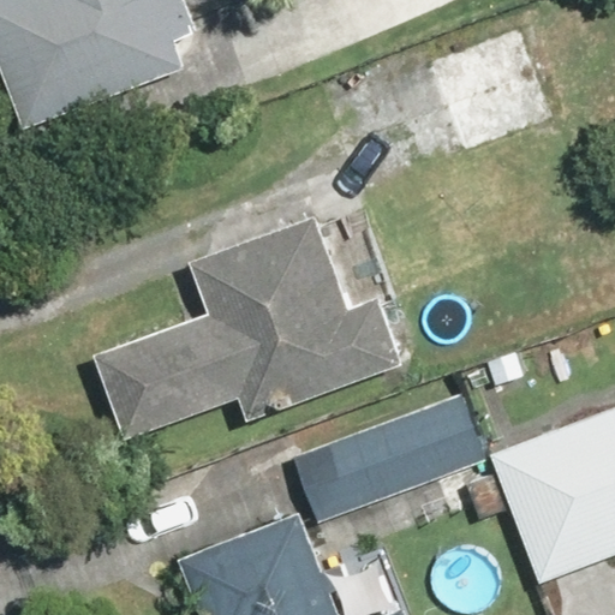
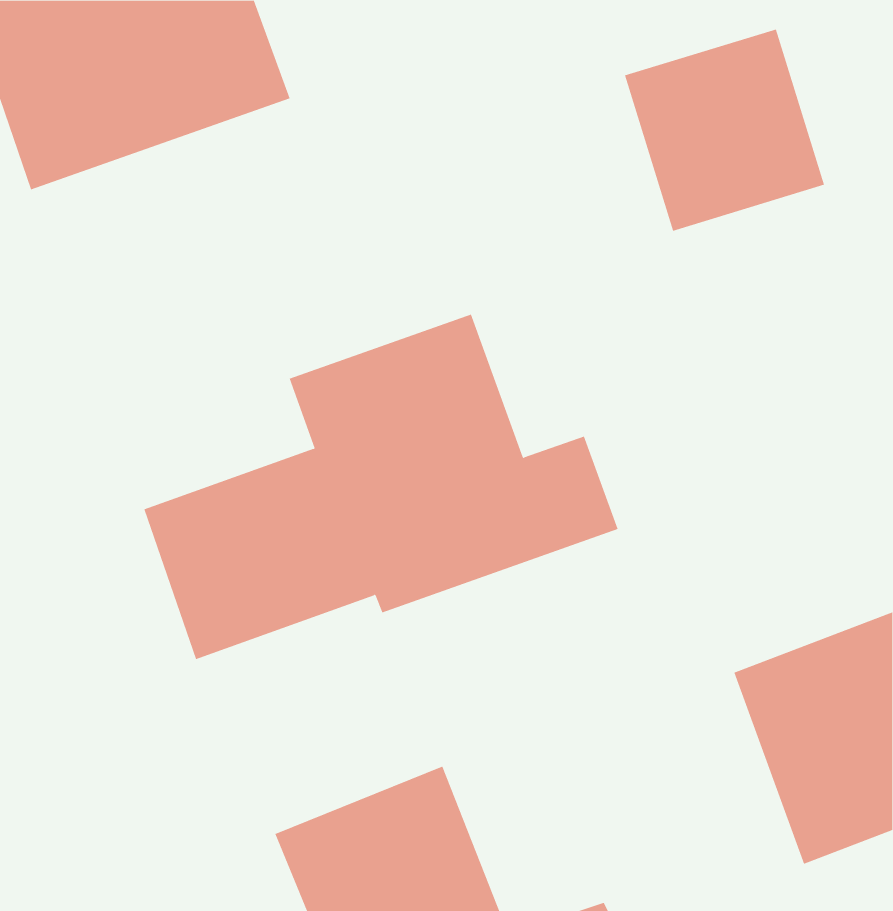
building: [294,396,480,518] -> none

